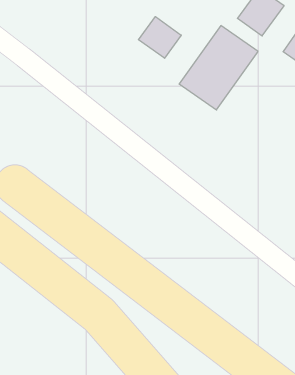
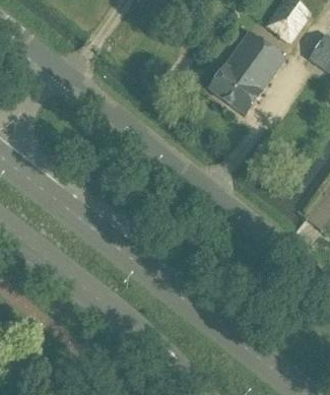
building: [138,17,181,58] -> none

